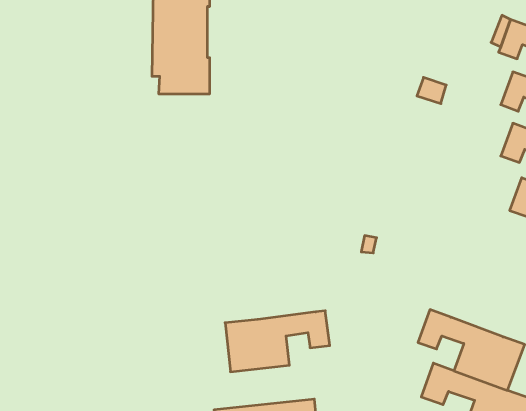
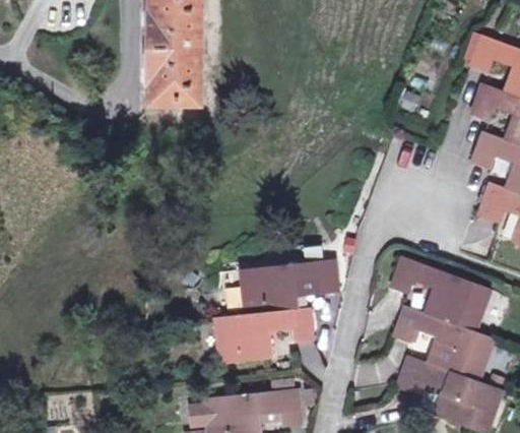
building: none -> [391,256,491,331]
building: none -> [240,258,337,315]

